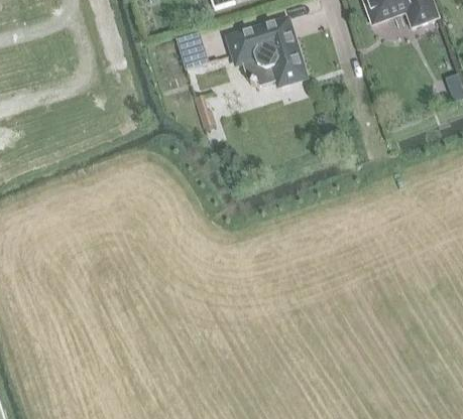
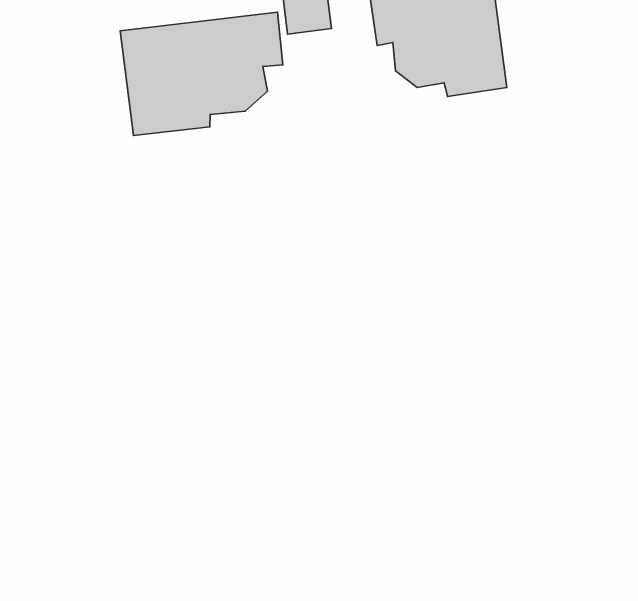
building: none -> [120,12,283,135]

